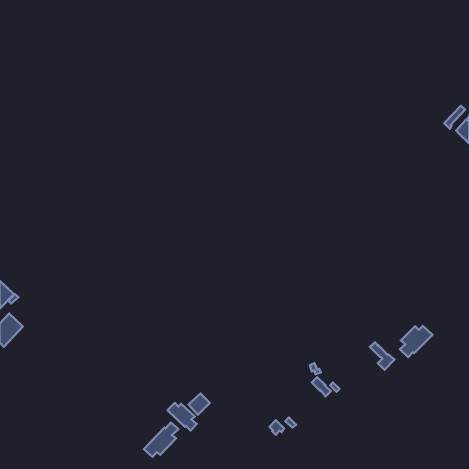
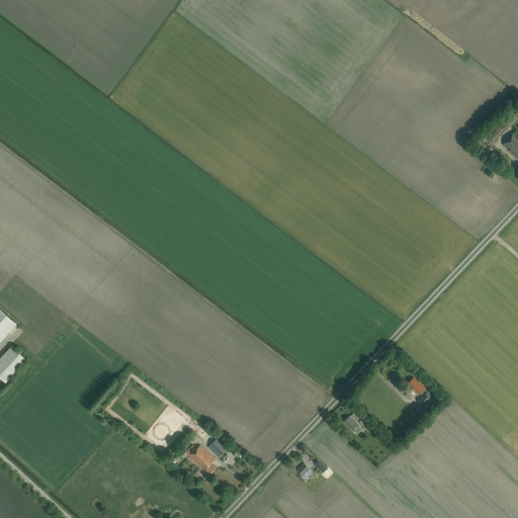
building: [400,326,432,357] -> none
building: [144,422,178,457] -> none

